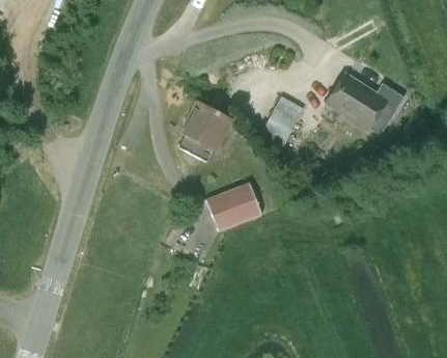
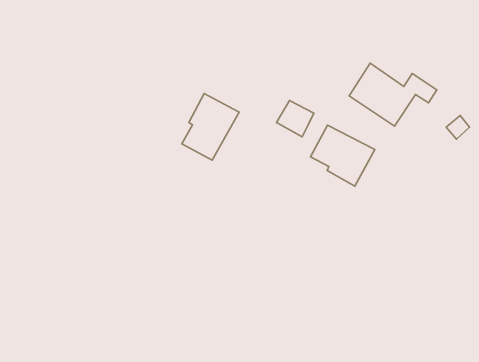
building: none -> [310,125,375,186]
building: [205,180,261,229] -> none

